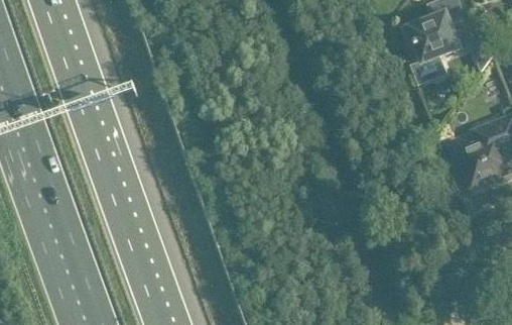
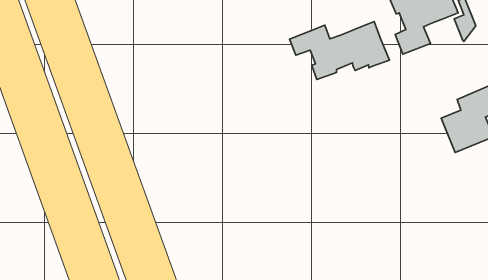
building: none -> [290,22,389,79]

